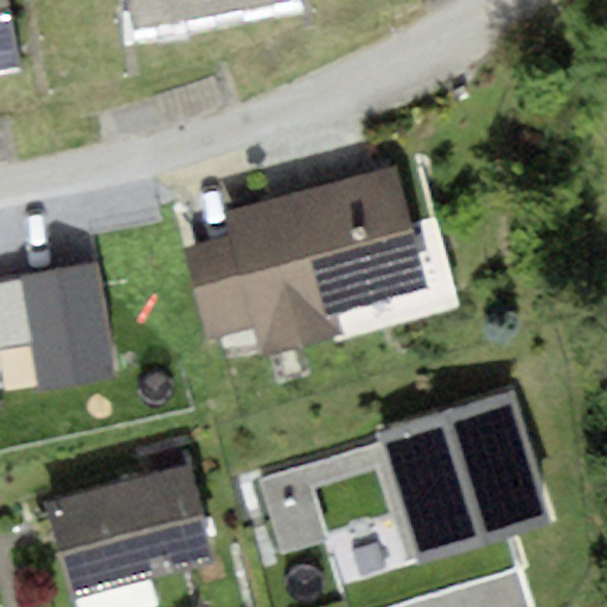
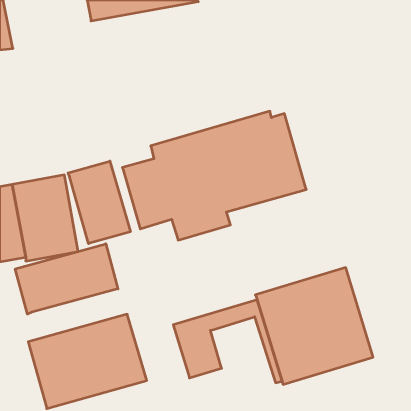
building: none -> [68,161,130,244]
building: none -> [15,244,118,314]

